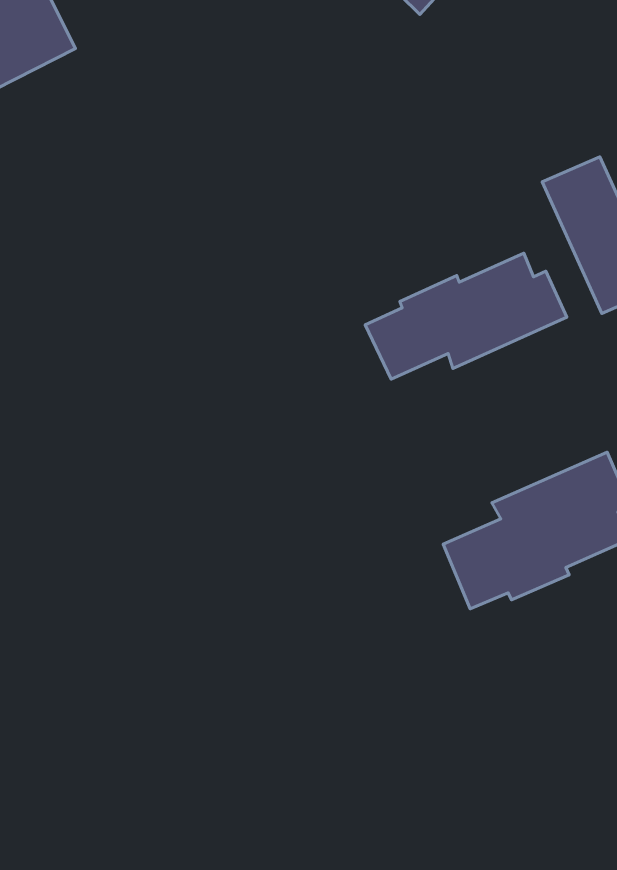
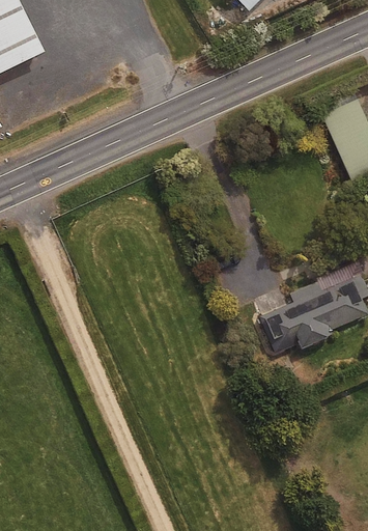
building: [365,253,567,379] -> none

